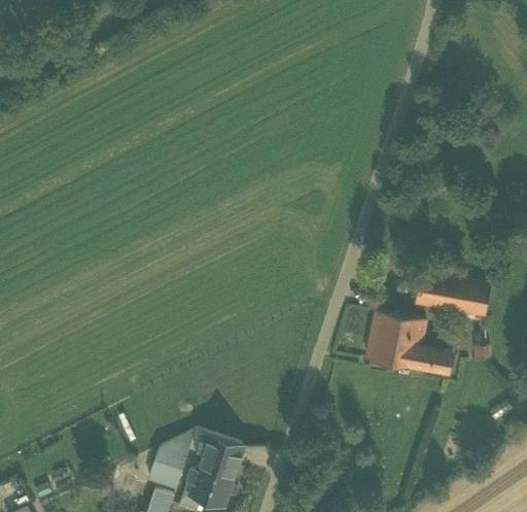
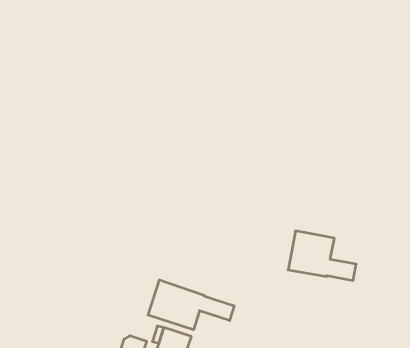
building: [416,275,489,315] -> none
building: none -> [148,280,234,330]

